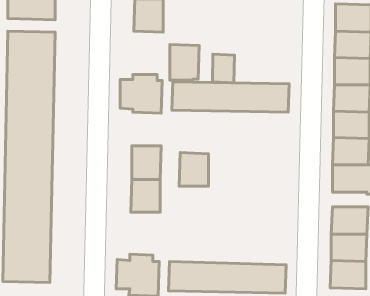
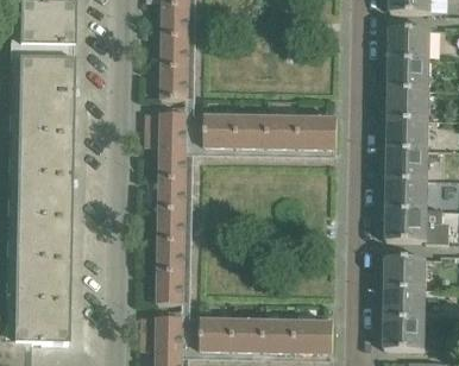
building: [170,44,199,80] -> [161,57,194,97]
building: [212,54,234,83] -> none
building: [179,153,208,186] -> [158,149,191,187]
building: none -> [156,261,190,302]

